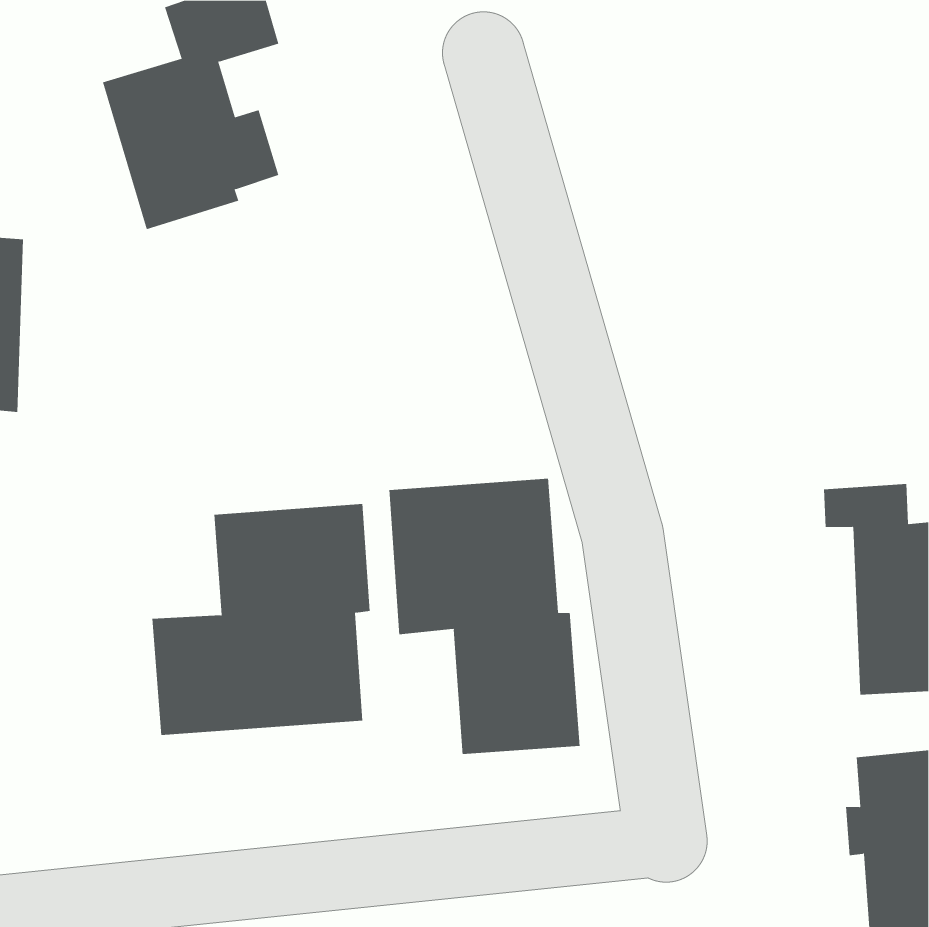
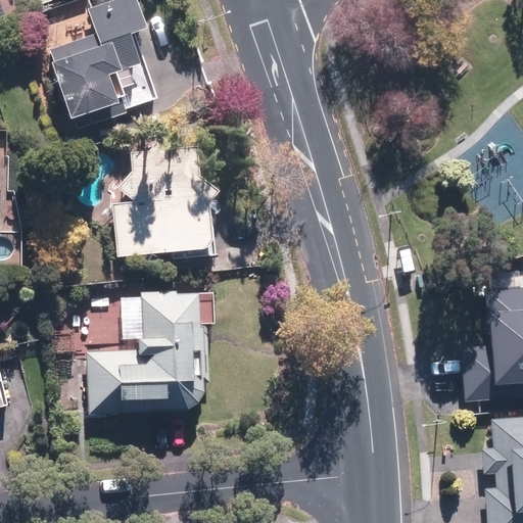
building: none -> [109,142,228,256]
building: [389,478,580,755] -> none

